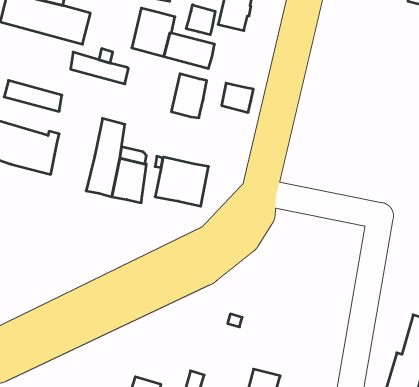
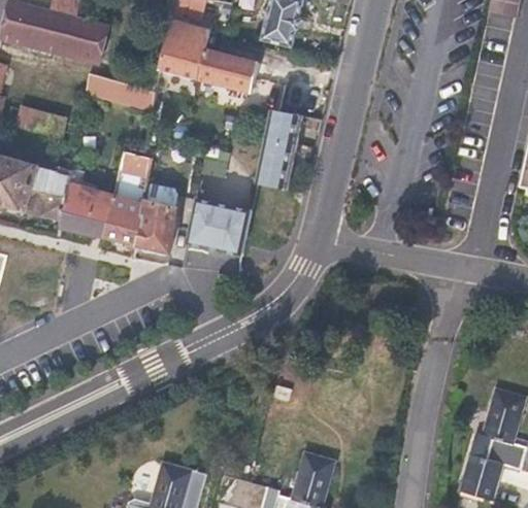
building: [186,5,215,35] -> none
building: [171,74,207,118] -> [255,136,297,189]
building: none -> [59,168,113,238]

